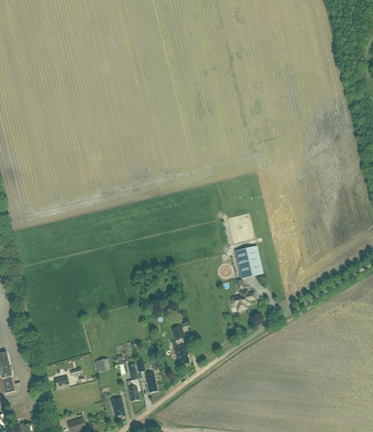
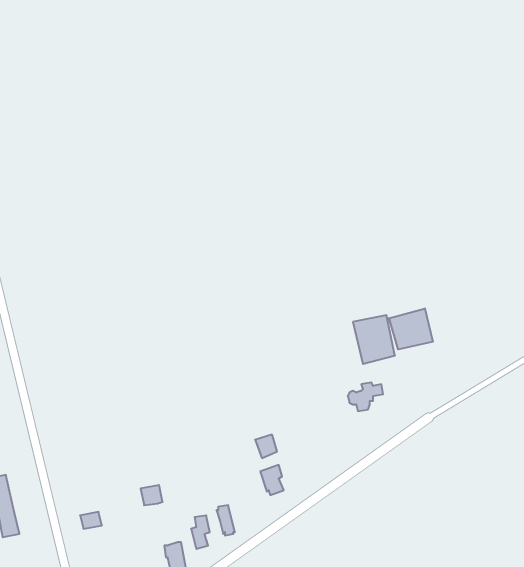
building: none -> [389,308,433,349]

